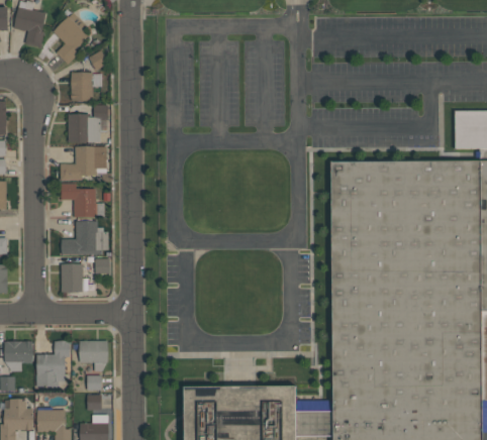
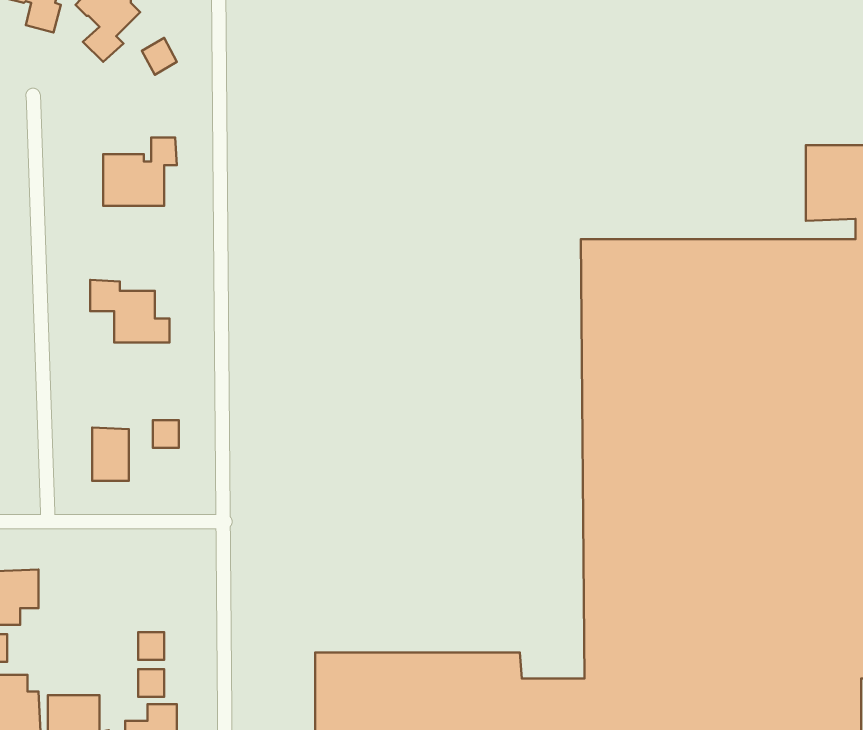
building: [71,73,102,101] -> none
building: [61,147,106,181] -> none
building: [62,221,108,254] -> none
building: [36,341,70,388] -> none
building: [79,341,107,371] -> none

